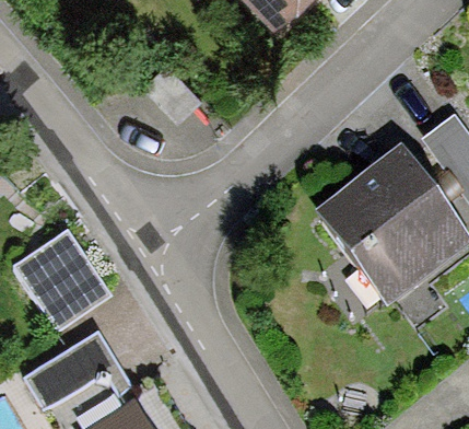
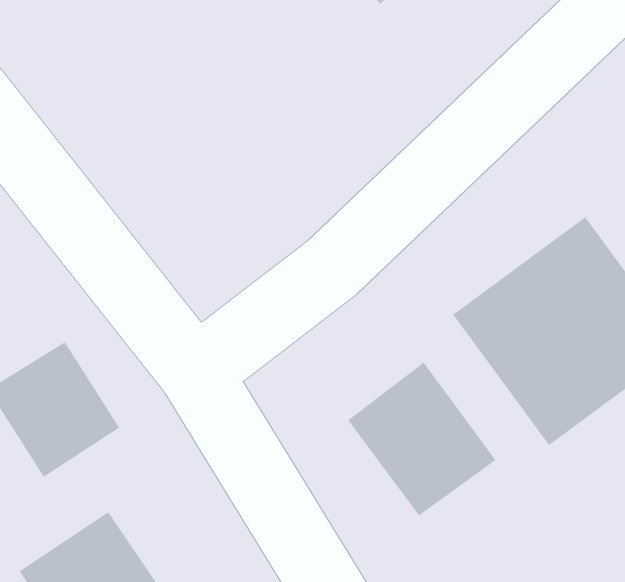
building: none -> [347,361,497,516]

